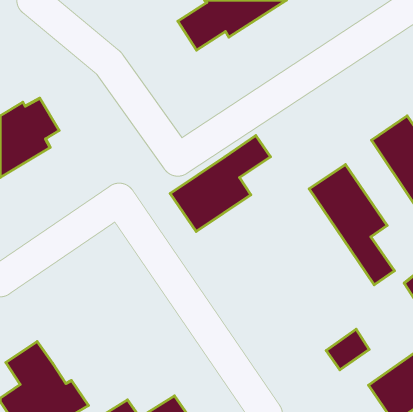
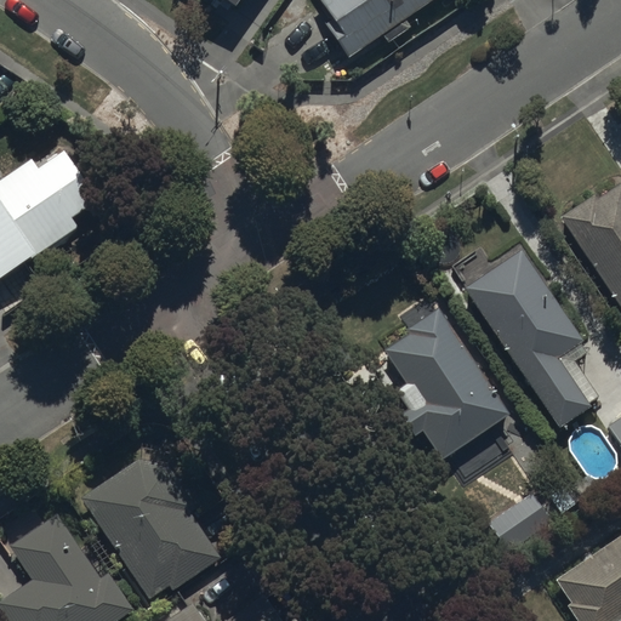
building: [170,136,270,232] -> none
building: none -> [383,306,513,466]
building: none -> [82,454,217,599]

